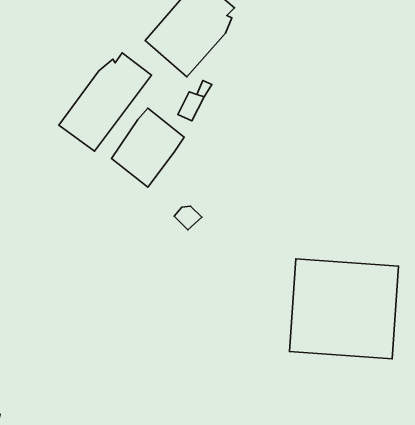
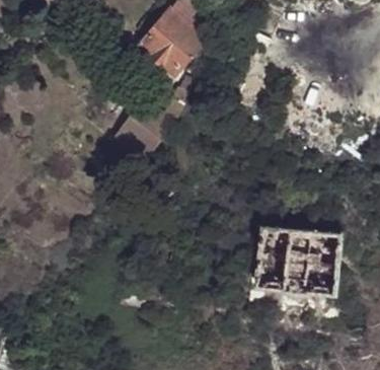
building: [59,53,152,151] -> none

